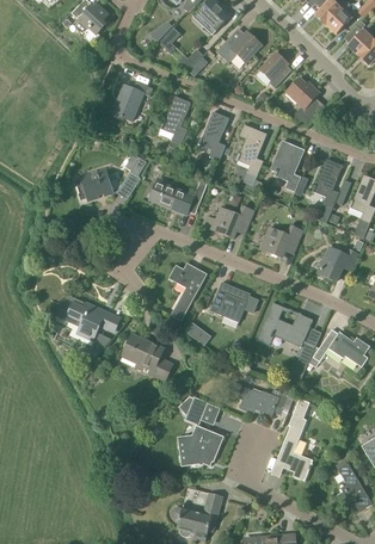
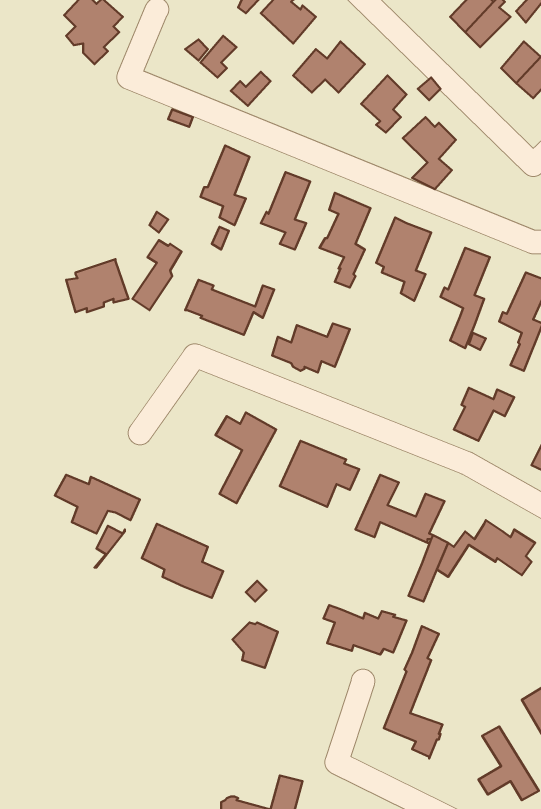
building: [112,80,153,119] -> none
building: [259,221,303,258] -> none
building: [177,425,223,464] -> none

